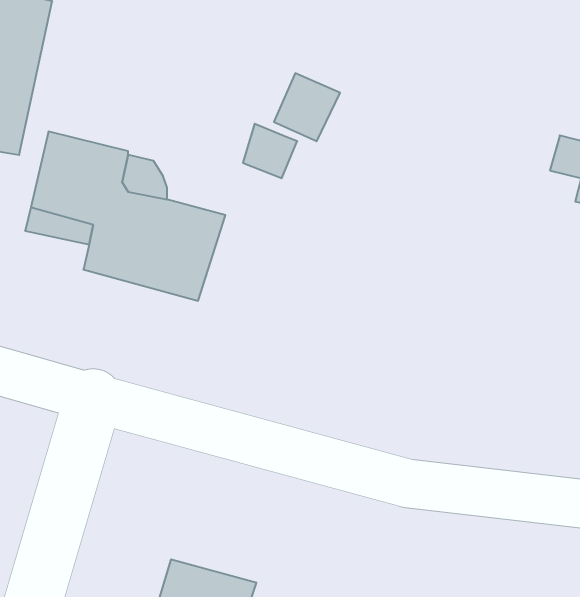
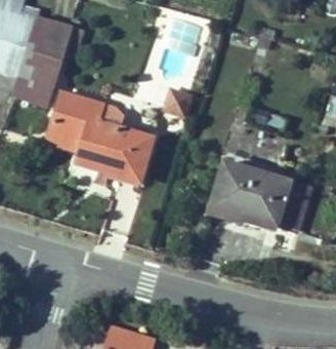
building: none -> [204,170,303,239]

